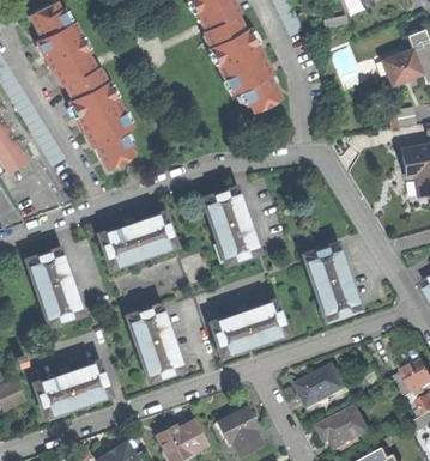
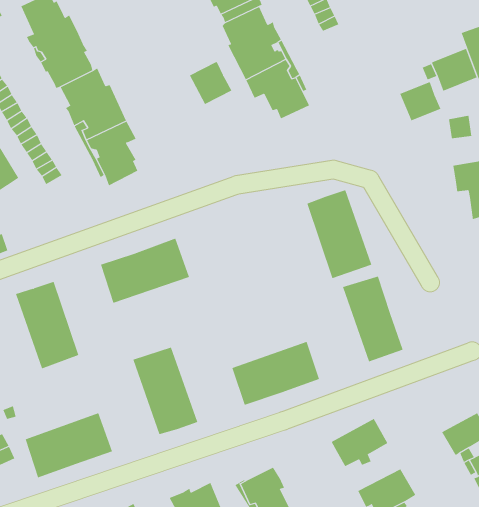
building: none -> [189,61,232,105]
building: none -> [400,81,441,121]
building: [204,187,260,263] -> [307,189,372,279]

